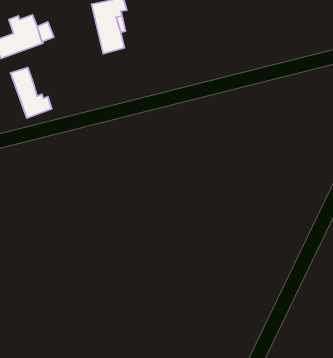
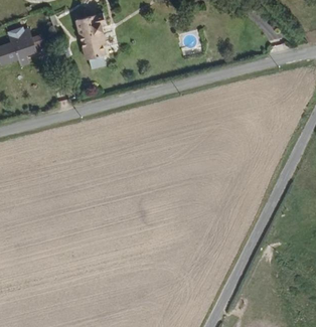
building: [10,67,52,118] -> none

